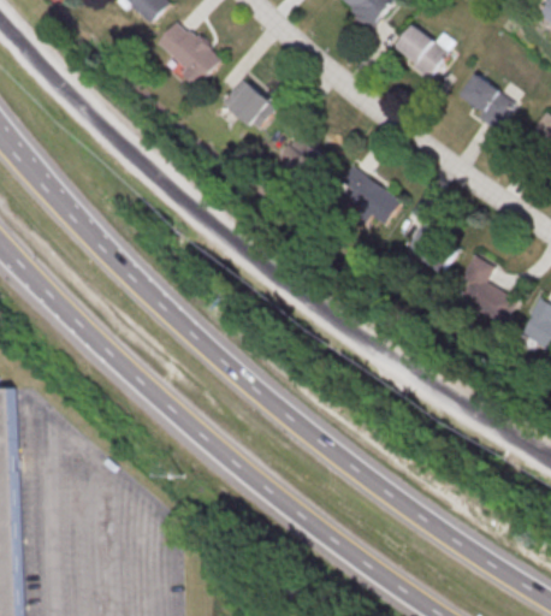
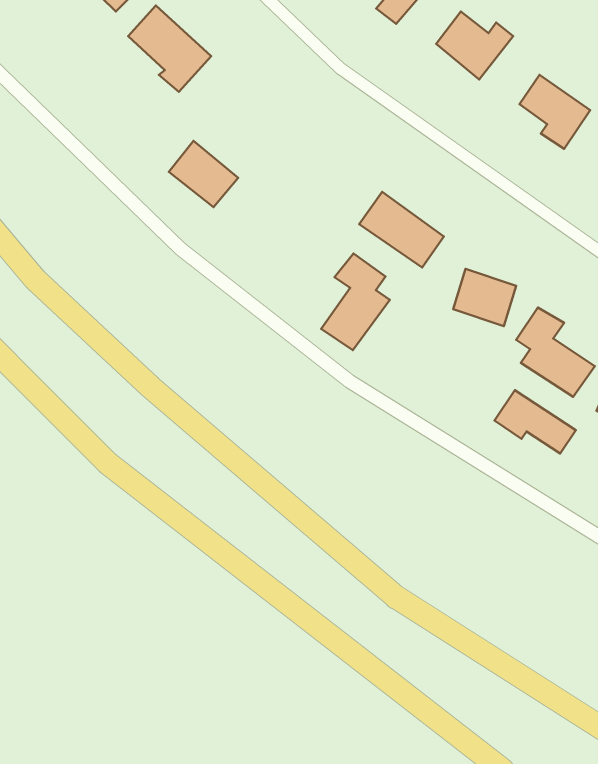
building: [220,76,274,128] -> [169,141,238,207]
building: none -> [321,253,390,350]
building: none -> [494,390,576,453]

